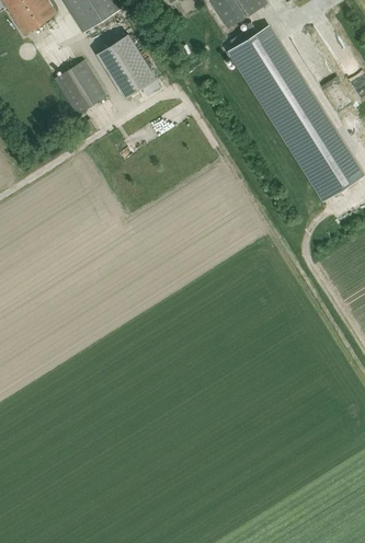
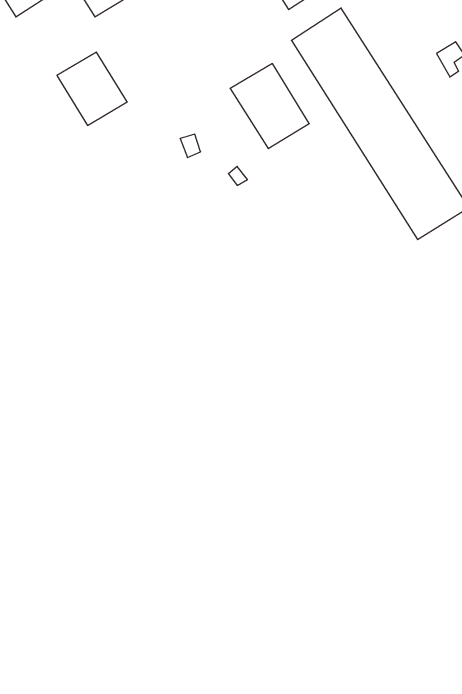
building: [96,34,156,97] -> [230,64,309,149]

